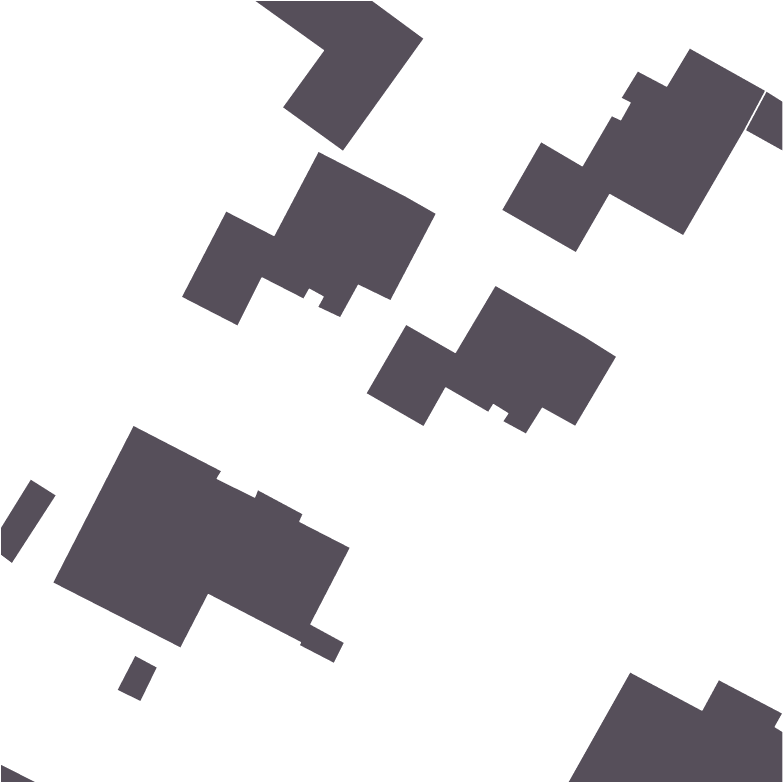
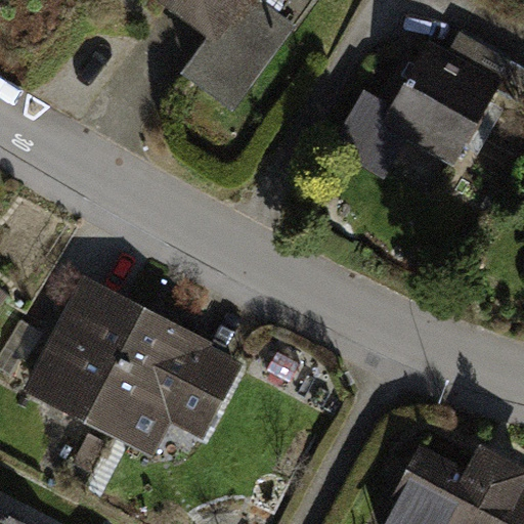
building: [181,151,437,326] -> none
building: [365,285,617,434] -> none

